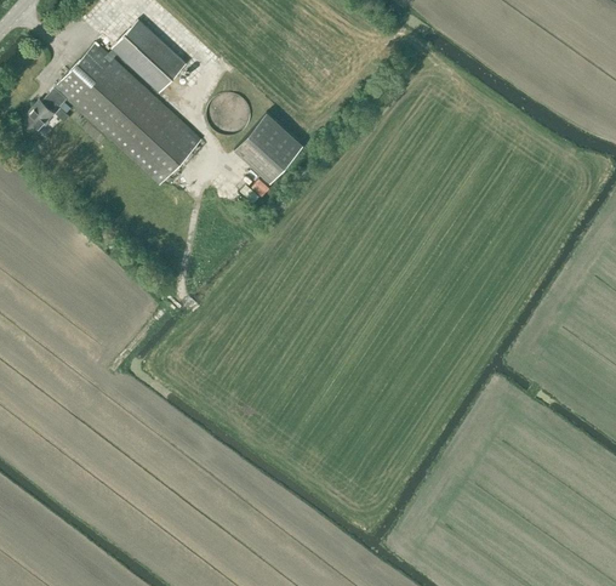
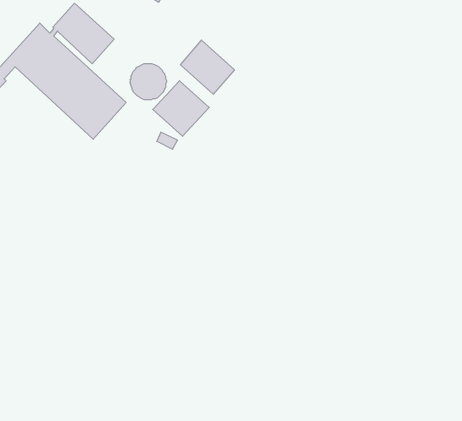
building: none -> [180,40,234,94]

